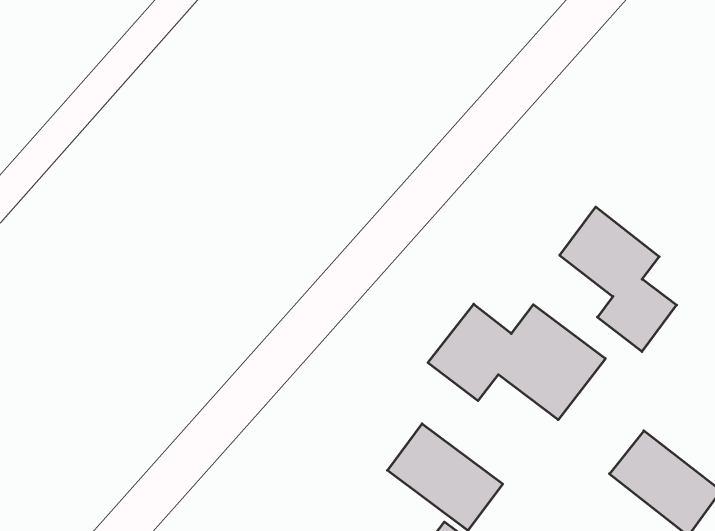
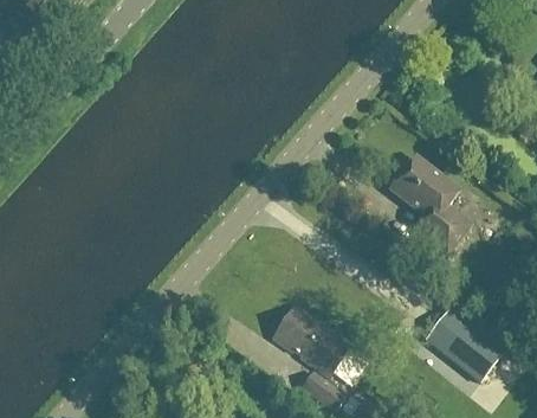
building: [428,304,605,420] -> none

